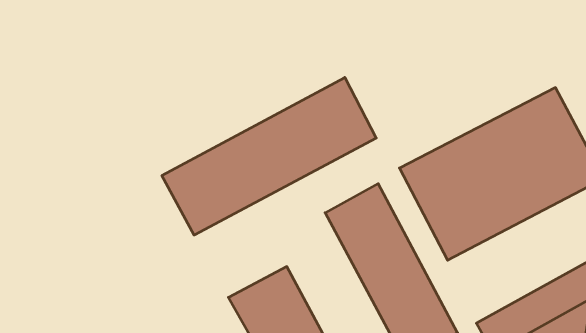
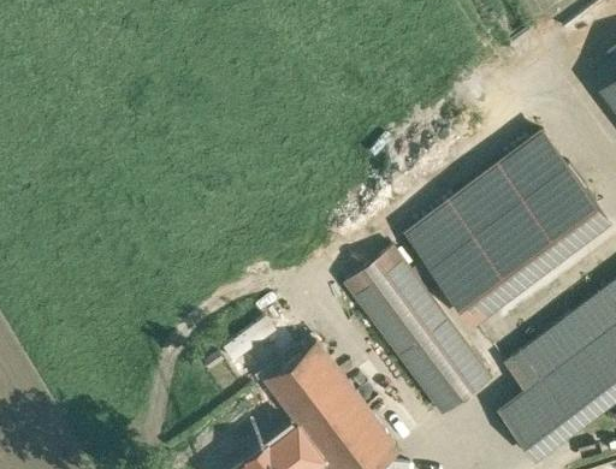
building: [162,77,376,235] -> none

